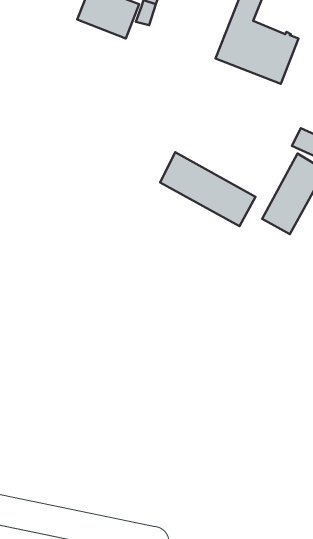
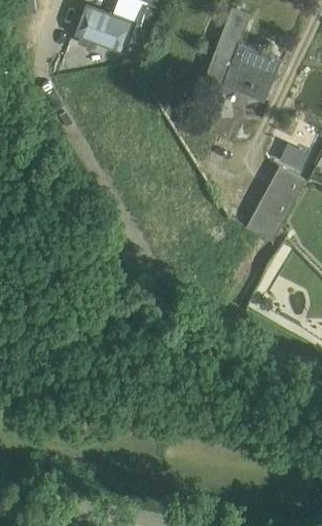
building: [160,152,255,226] -> none

